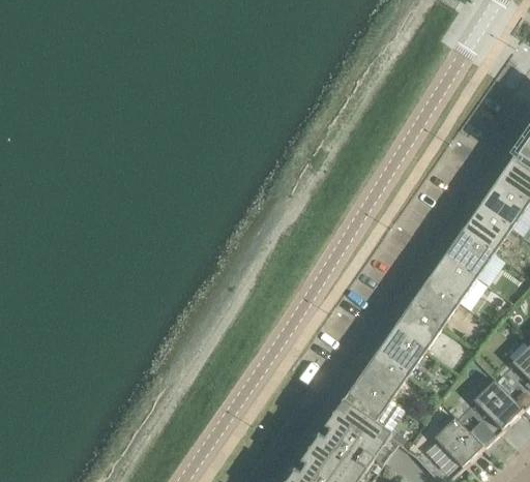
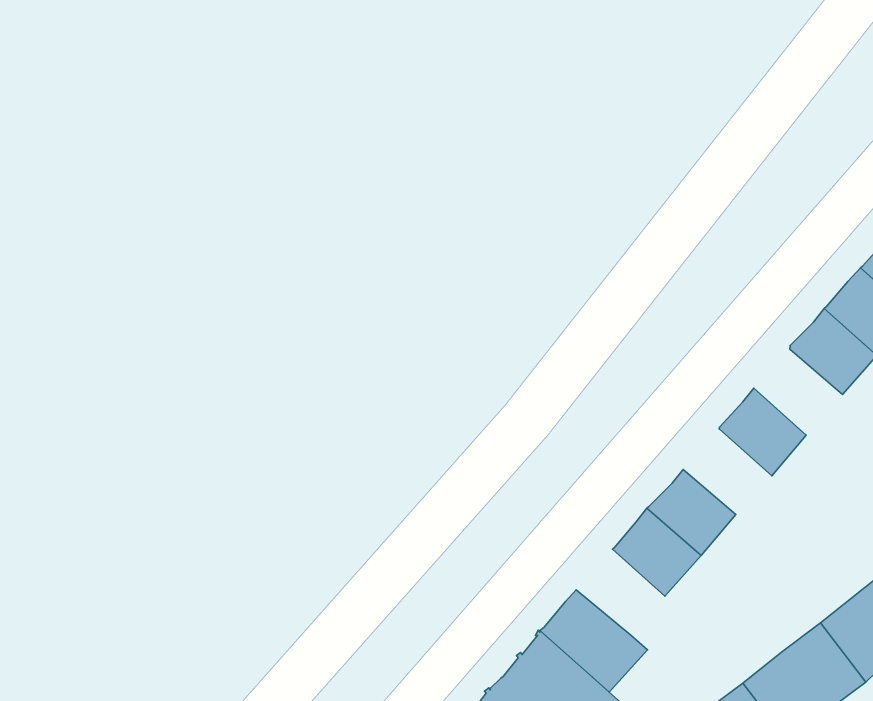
building: [443,232,493,278] -> none
building: [409,280,459,327] -> none
building: [357,354,407,400] -> none

